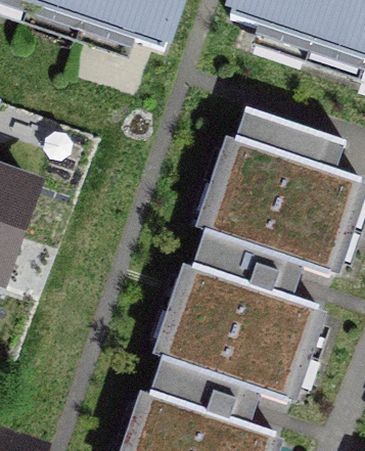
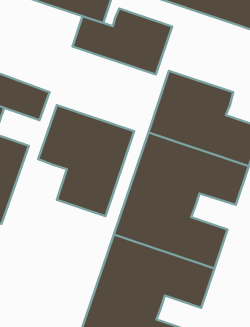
building: none -> [73,8,172,75]
building: none -> [38,105,134,216]

